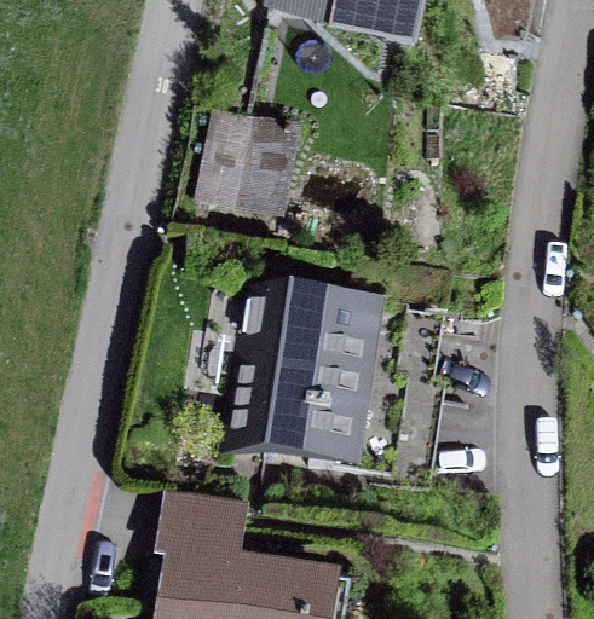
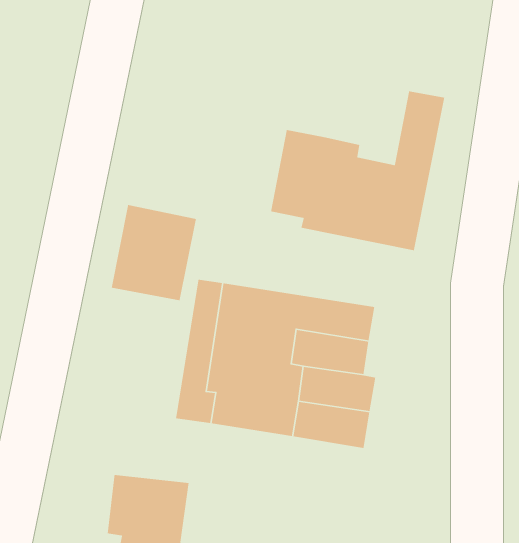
building: none -> [270,90,445,251]
building: [207,112,294,210] -> [111,204,197,301]

